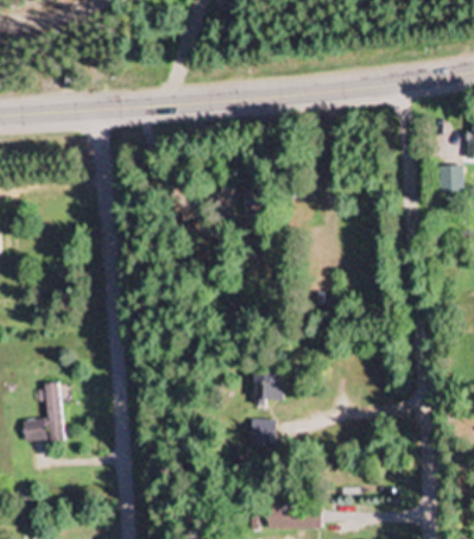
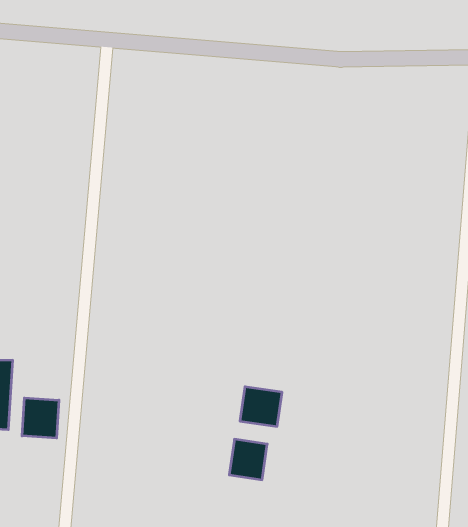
building: none -> [22,398,59,438]

